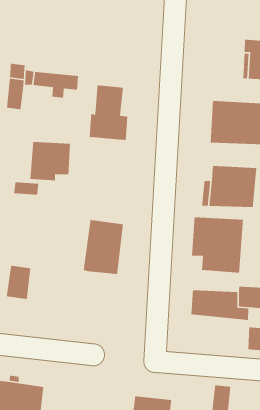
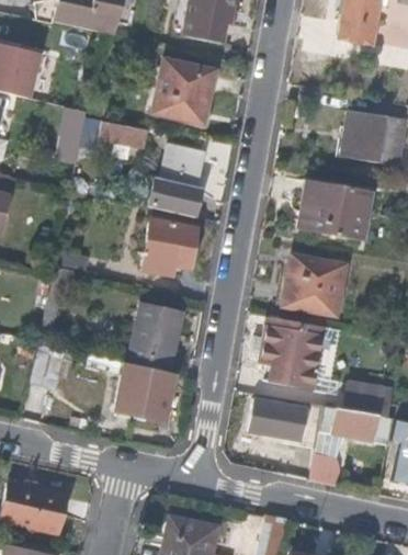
building: none -> [152,60,213,125]
building: [29,141,71,181] -> [144,220,197,271]
building: none -> [117,362,174,423]

